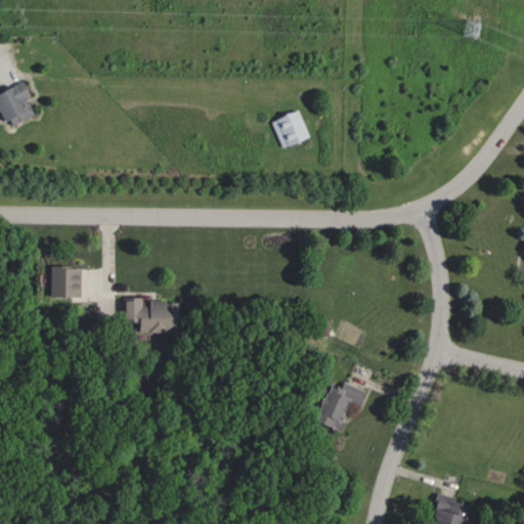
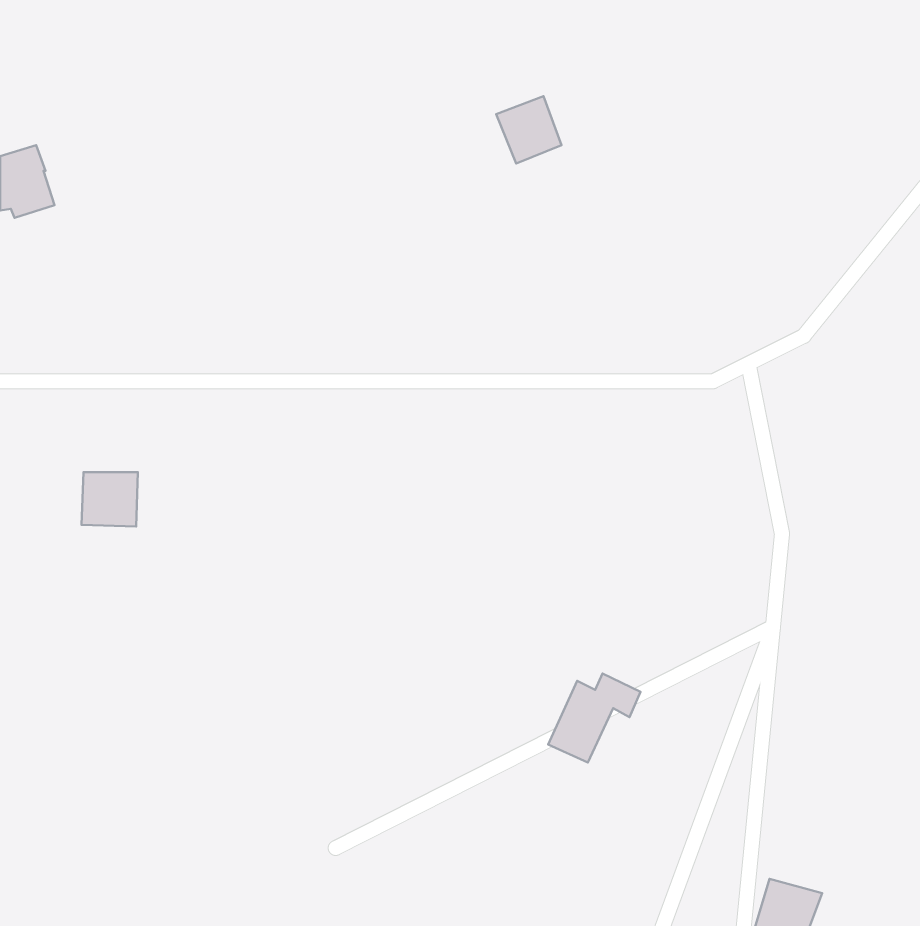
building: [272,110,309,147] -> [496,96,561,163]
building: [123,298,178,333] -> none

